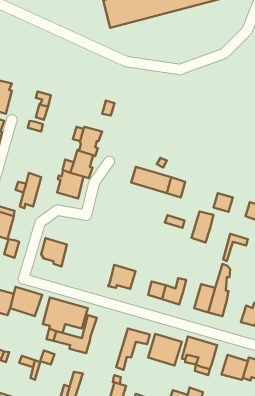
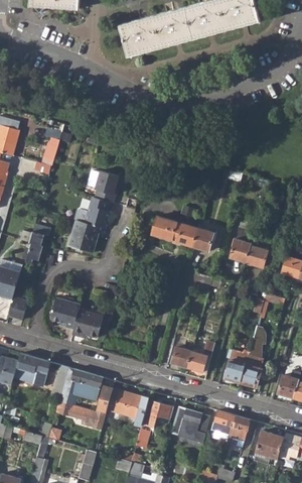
building: [191,211,214,242] -> [230,227,255,262]
building: [108,265,135,289] -> [70,310,102,337]
building: none -> [106,388,142,418]

